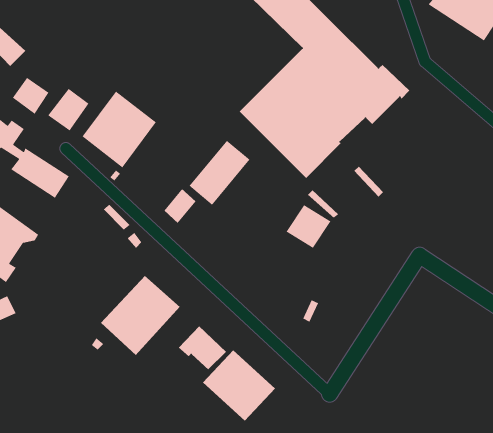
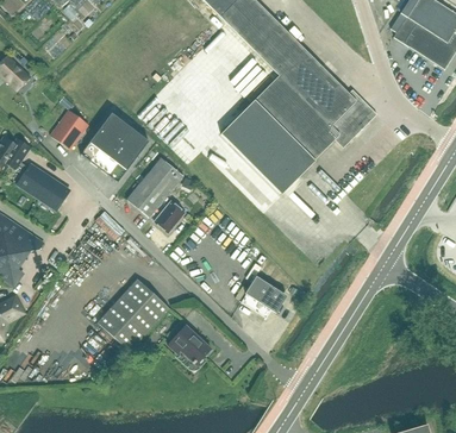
building: [12,77,50,115] -> none
building: [189,140,251,206] -> [127,157,183,216]
building: [285,204,332,249] -> [241,276,282,316]
building: [202,350,276,422] -> none

